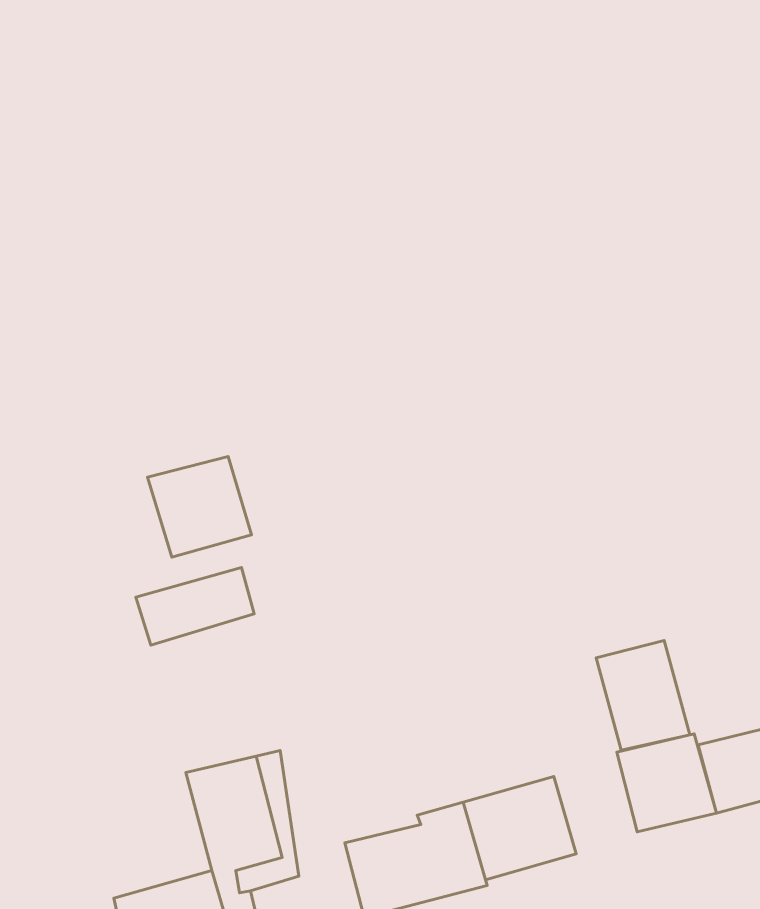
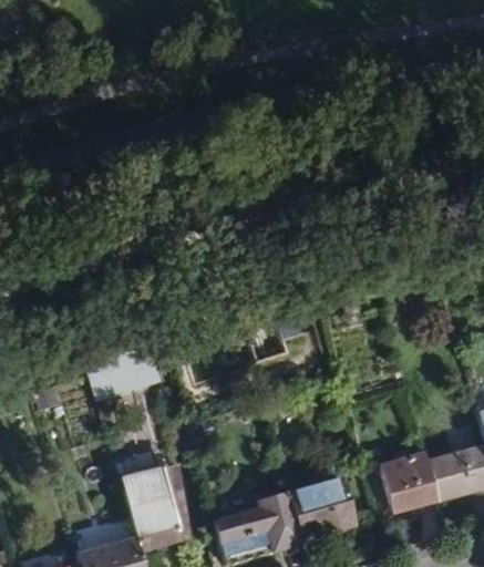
building: [148,457,252,557] -> none
building: [596,640,690,750] -> none

